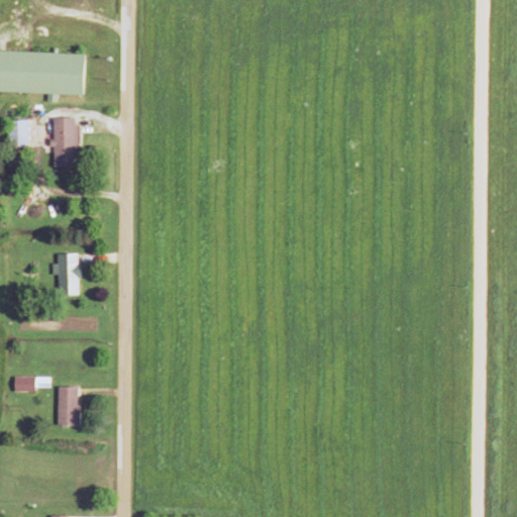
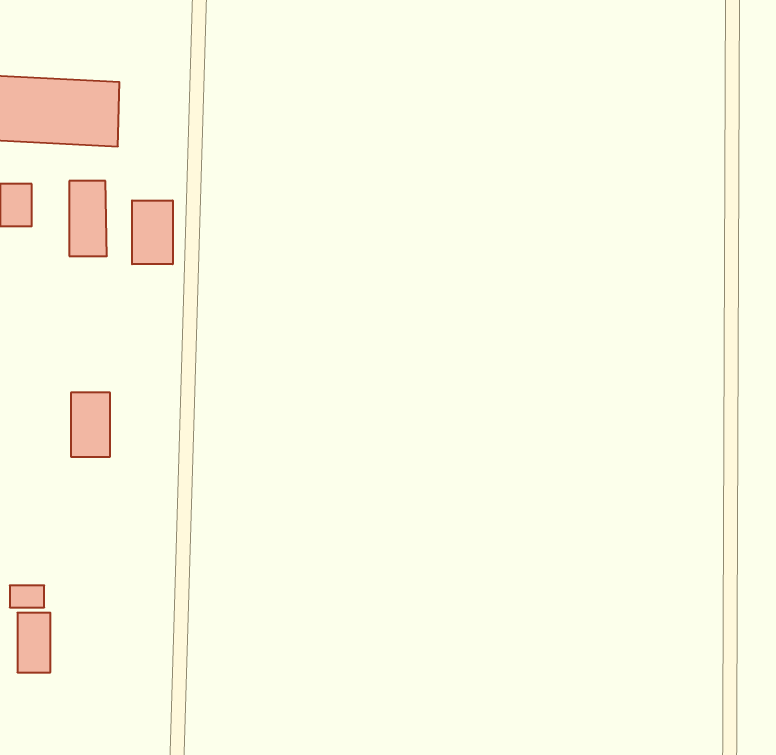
building: none -> [132,200,173,264]
building: [58,387,79,425] -> [17,613,50,672]

